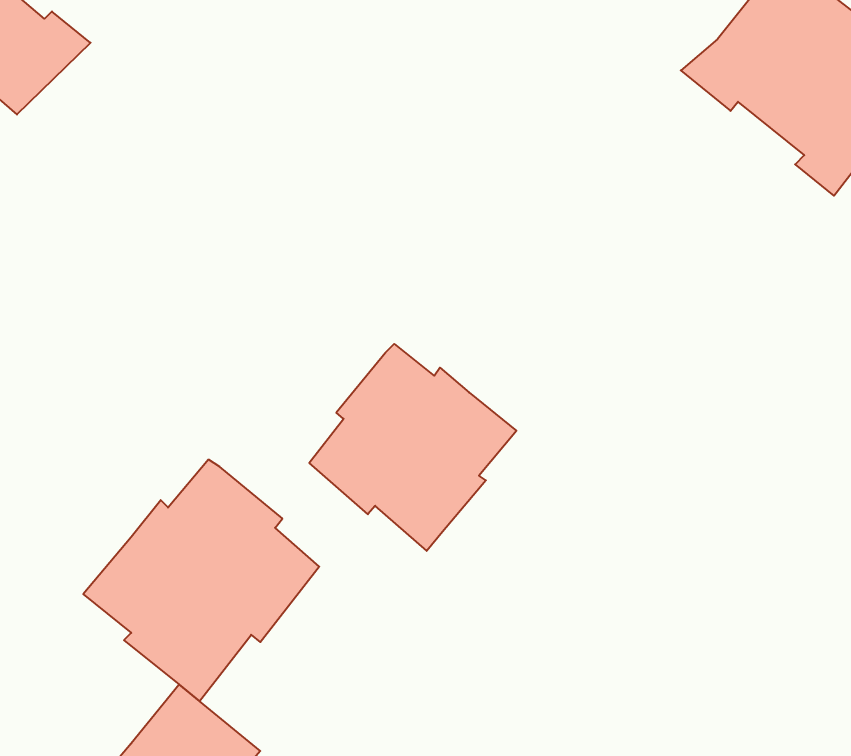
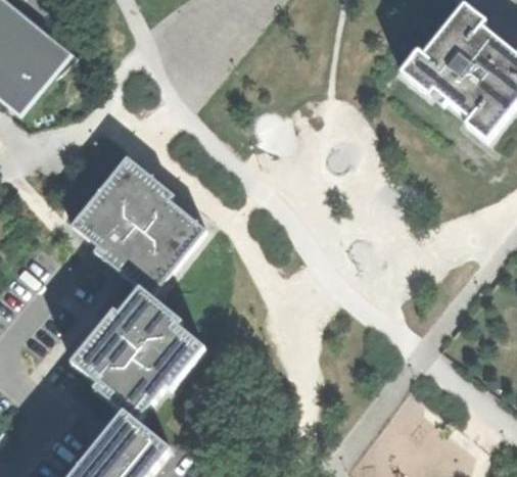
building: none -> [70,160,203,290]
building: [309,344,516,551] -> none

